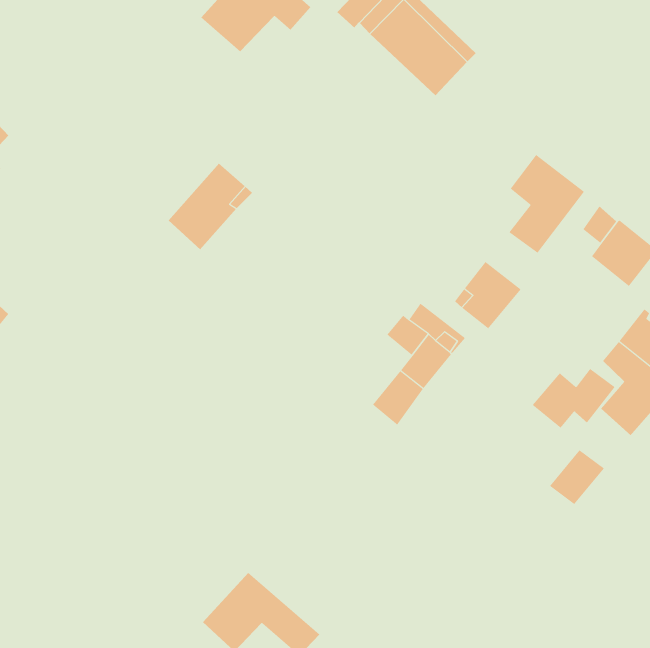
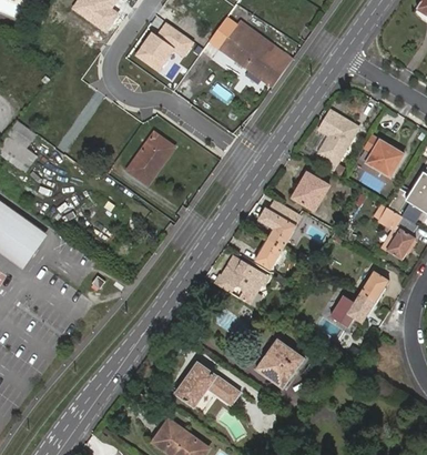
building: [532,368,615,428] -> [328,293,374,328]
building: none -> [212,255,268,305]
building: none -> [256,338,305,388]

